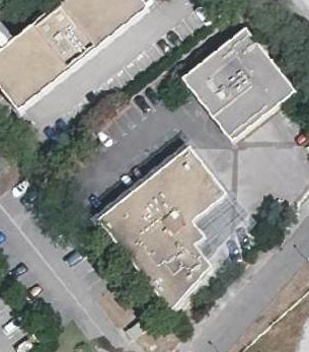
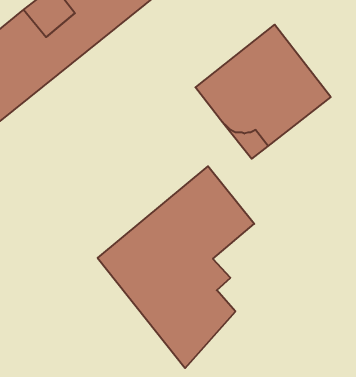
building: [191,192,248,263] -> none

